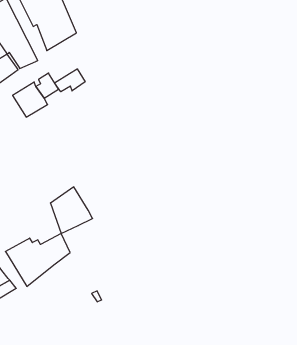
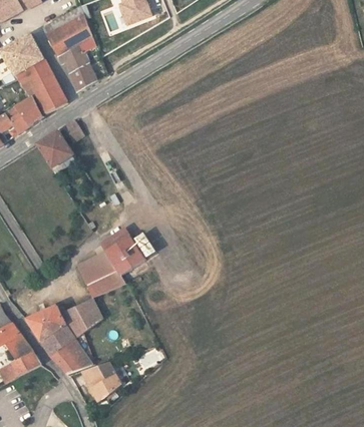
building: [55,69,85,92] -> none
building: none -> [99,223,145,273]
building: none -> [52,334,91,373]
building: none -> [82,363,120,401]

